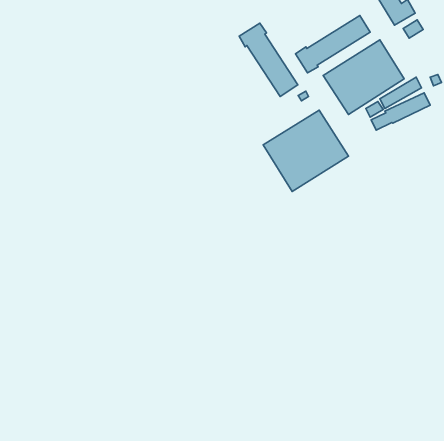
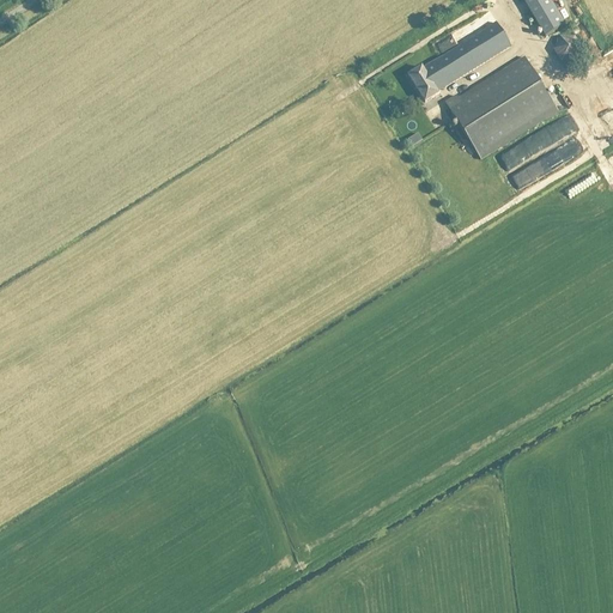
building: [239,23,298,96] -> none
building: [263,110,349,192] -> none

